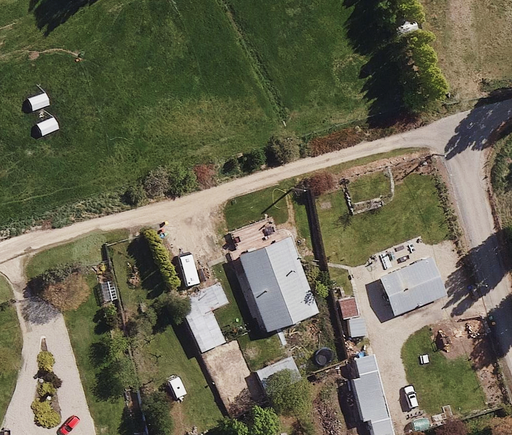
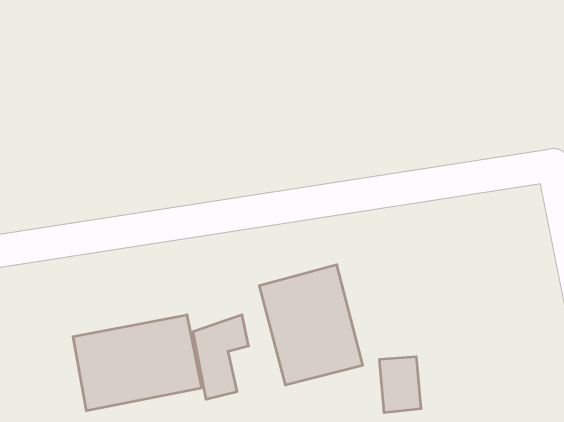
building: [376,250,448,319] -> none
building: none -> [73,315,202,411]

